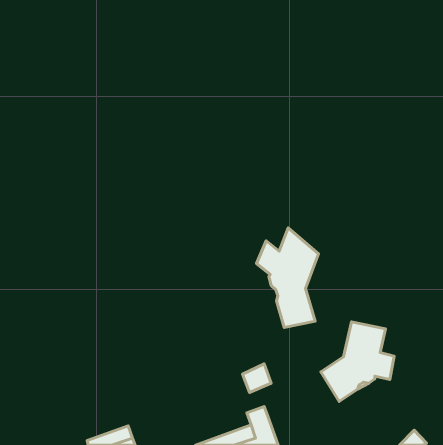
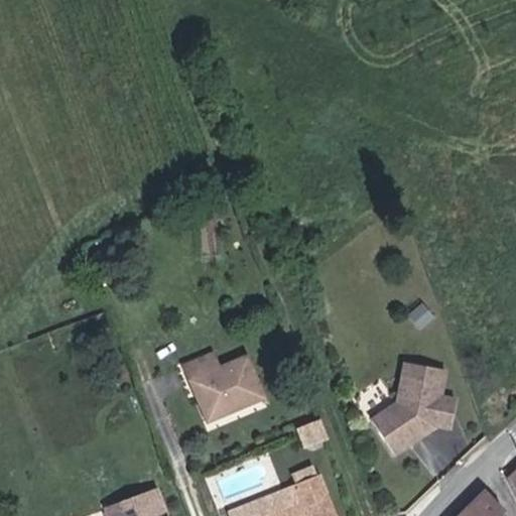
building: [257,228,319,328] -> none
building: none -> [181,350,260,416]

